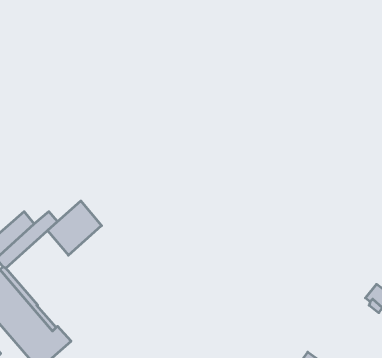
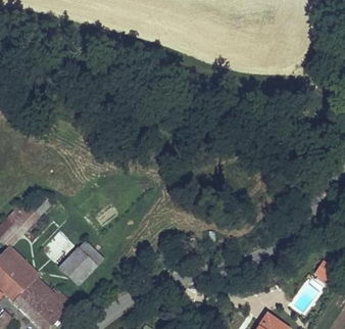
building: [47,201,102,255] -> [60,242,105,287]

